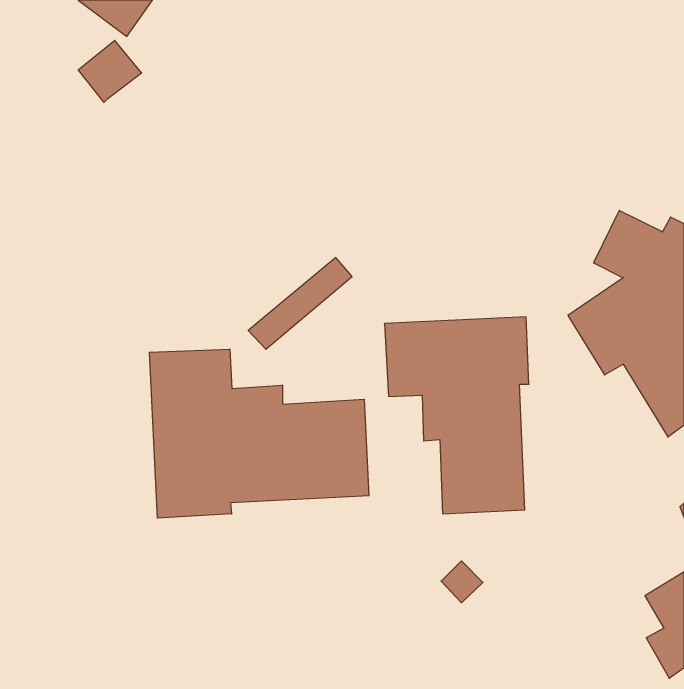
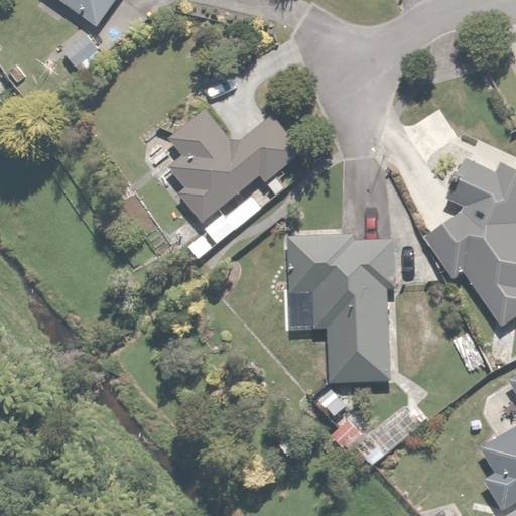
building: none -> [168,107,306,222]
building: [149,349,369,518] -> none

